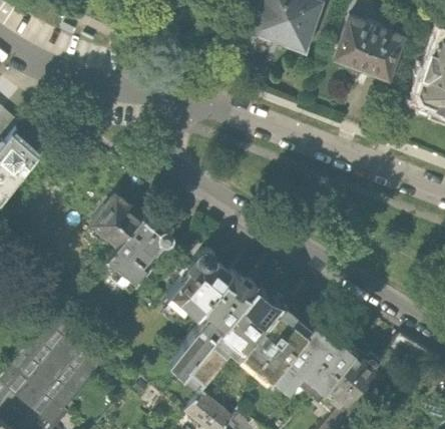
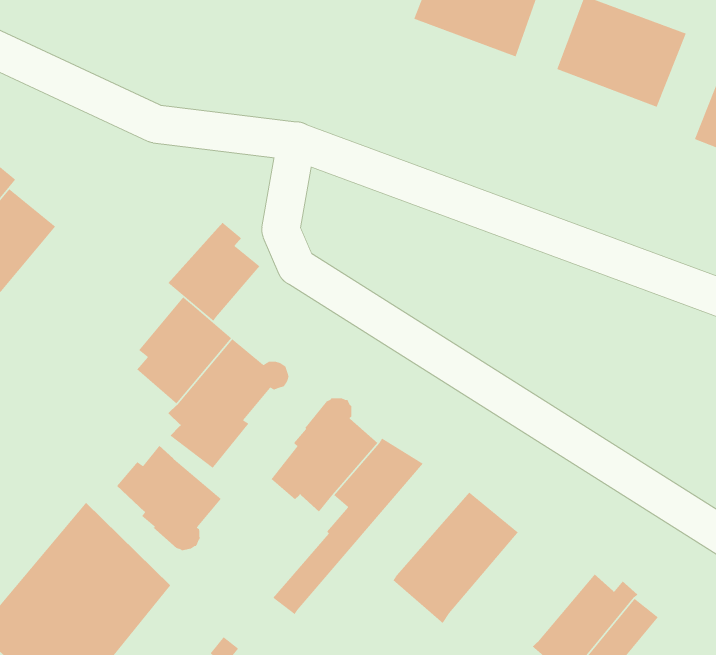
building: none -> [168,221,261,322]
building: none -> [116,445,222,551]
building: [181,286,280,382] -> none
building: [269,321,352,388] -> none

